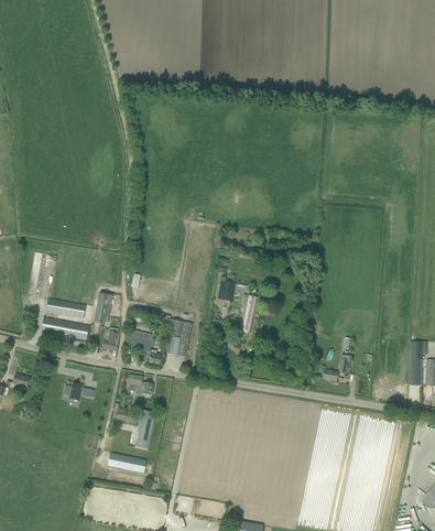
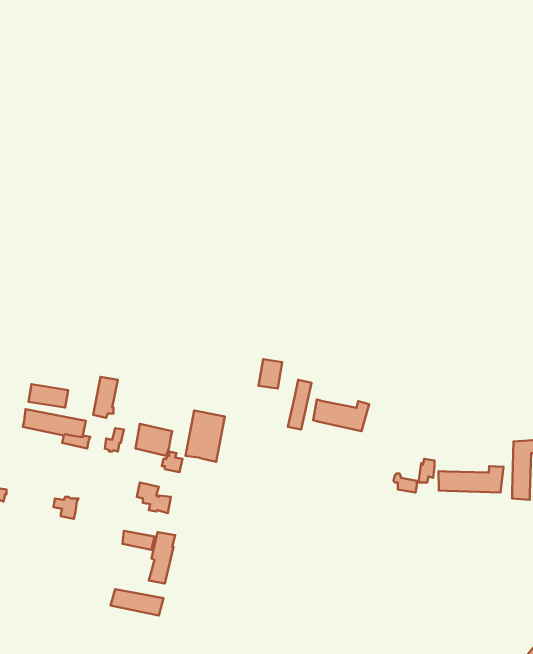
building: none -> [313,399,369,431]
building: none -> [438,466,503,493]

